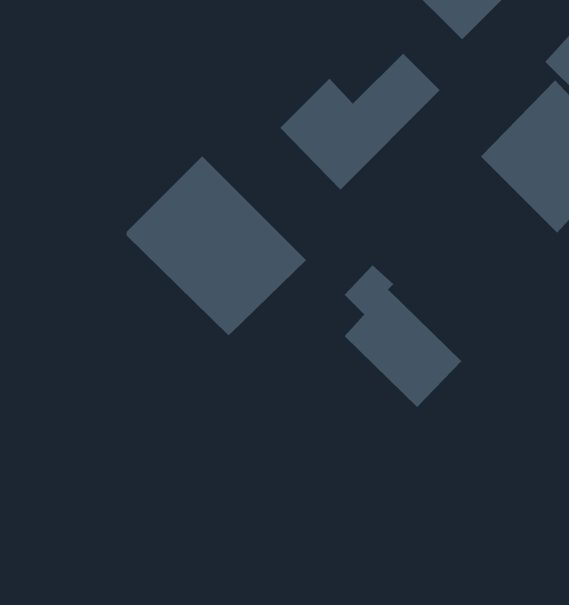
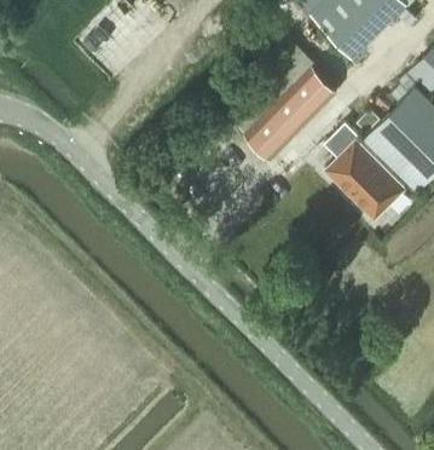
building: [126,156,307,336] -> none
building: [344,265,462,408] -> [325,123,405,220]

